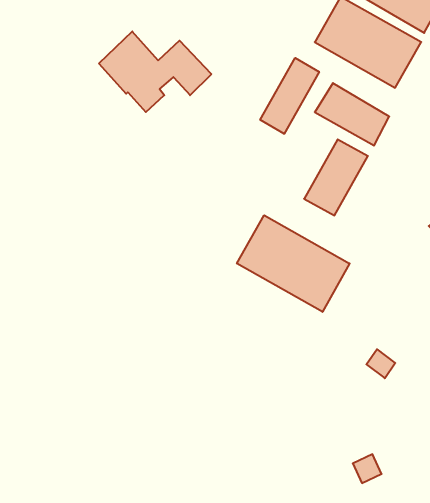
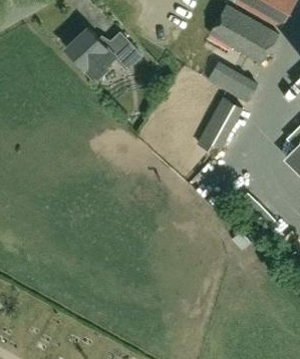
building: [260,58,319,134] -> none
building: [237,215,350,312] -> none

